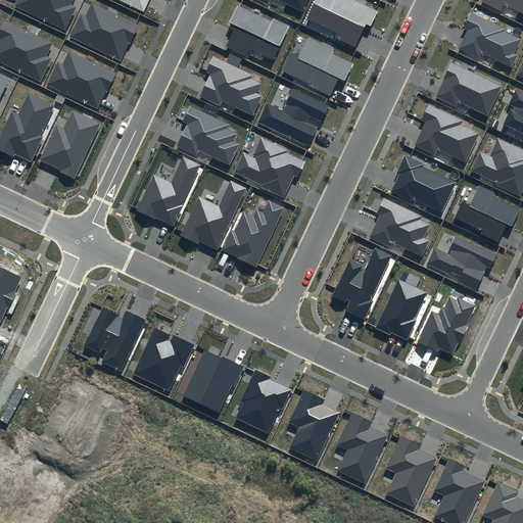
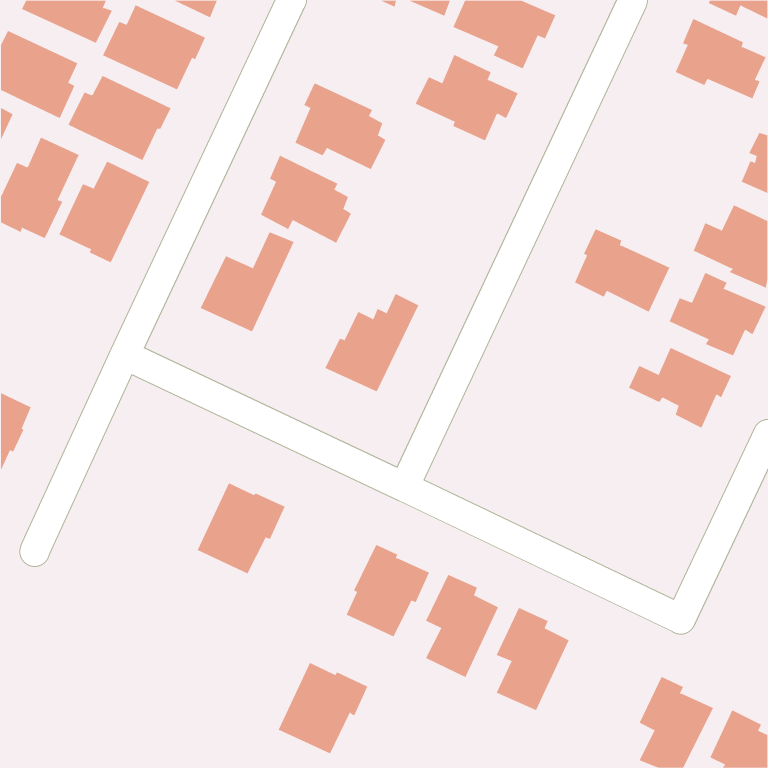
building: [227,6,289,60] -> none
building: [435,62,502,115] -> none
building: [257,89,330,146] -> none
building: [414,105,479,162] -> none
building: [234,138,305,198] -> none
building: [181,181,246,249] -> none
building: [369,198,430,257] -> none
building: [332,247,392,320] -> none
building: [375,279,427,339] -> none
building: [416,296,477,355] -> none
building: [84,307,146,371] -> none
building: [183,350,244,413] -> [278,662,368,754]
building: [385,436,436,507] -> none

